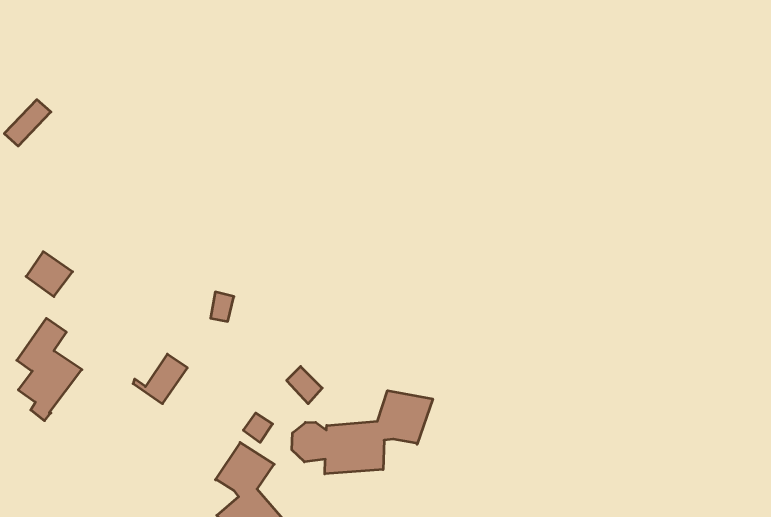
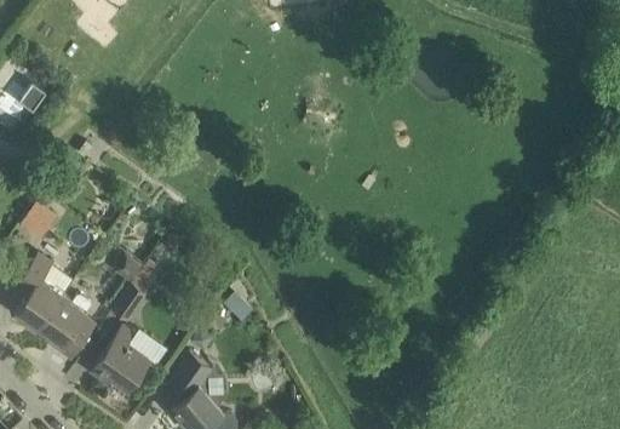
building: none -> [39,296,94,361]
building: [292,391,433,474] -> none
building: none -> [94,328,149,391]

